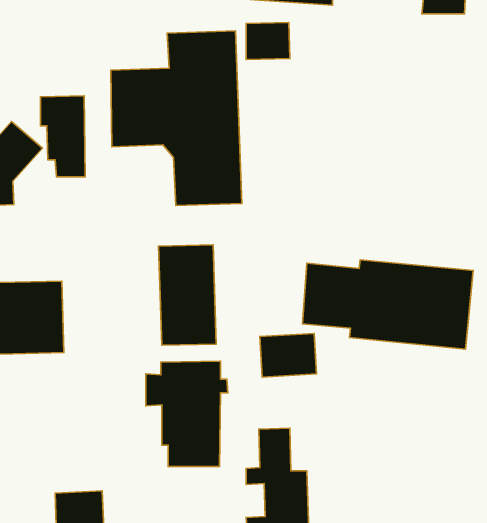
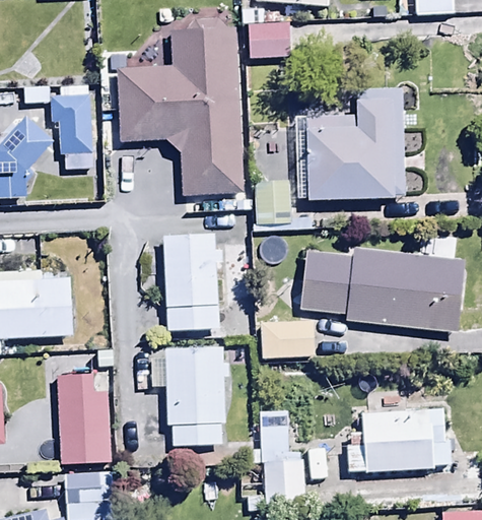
building: none -> [295,88,403,200]
building: none -> [58,369,111,462]
building: none -> [347,406,452,469]

